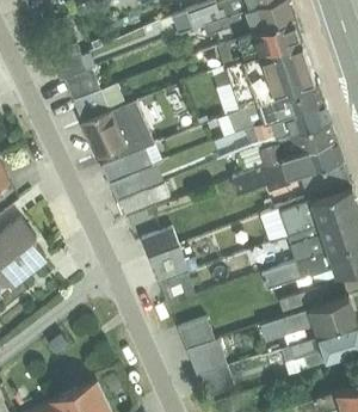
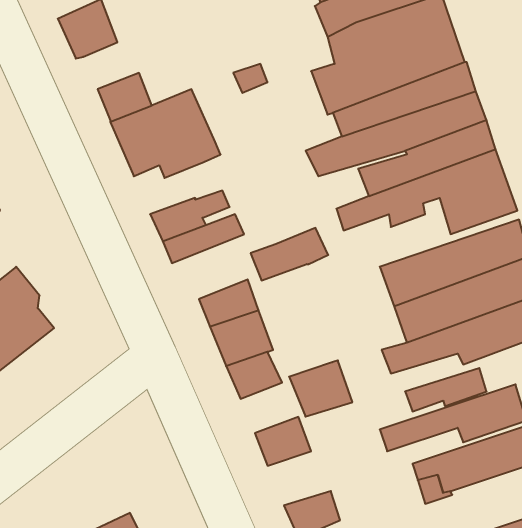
building: [64,69,101,102] -> none
building: [101,149,153,184] -> [251,228,328,280]
building: [186,339,228,376] -> [289,360,352,417]

